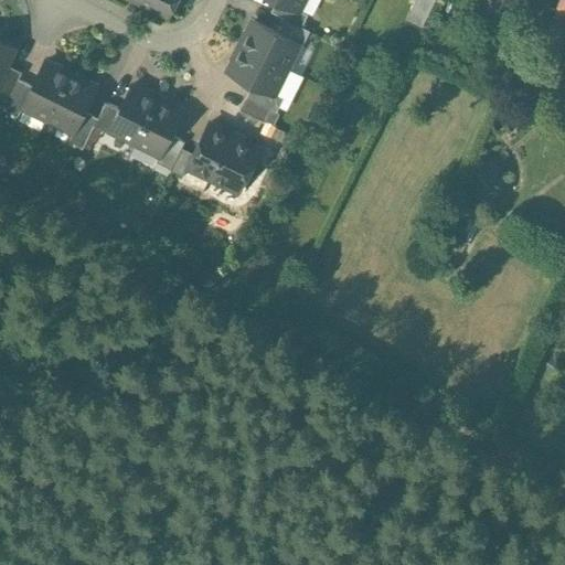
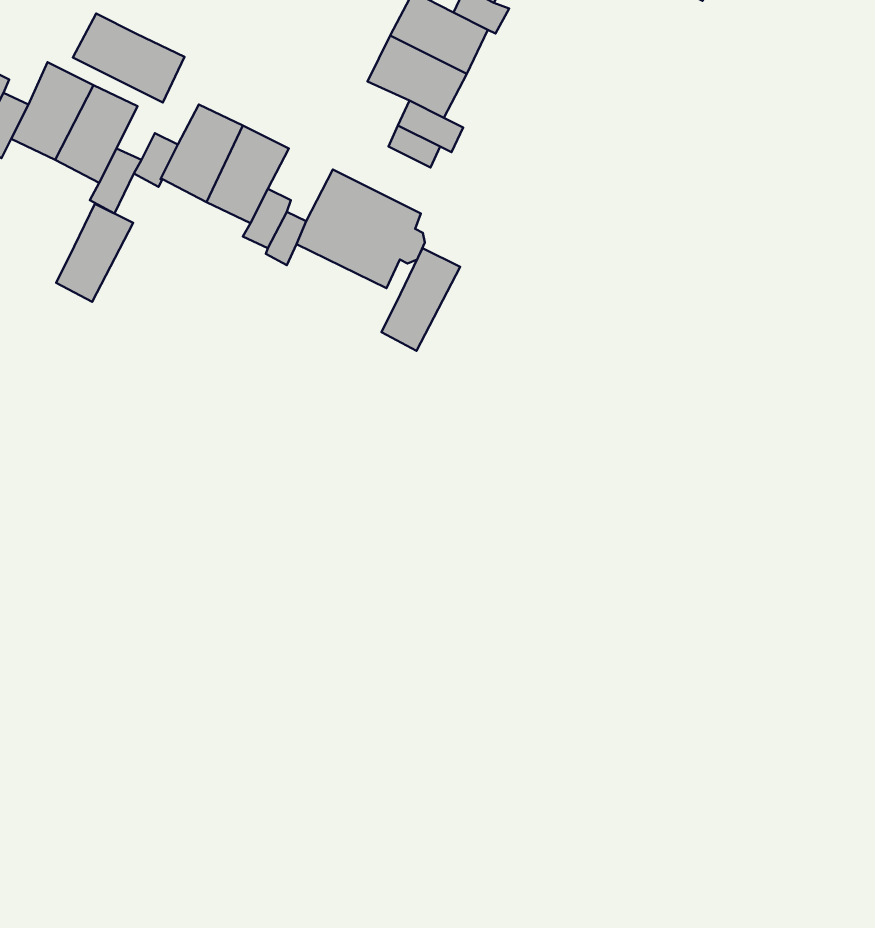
building: none -> [73,14,184,102]
building: none -> [56,204,133,302]
building: none -> [381,248,460,351]

